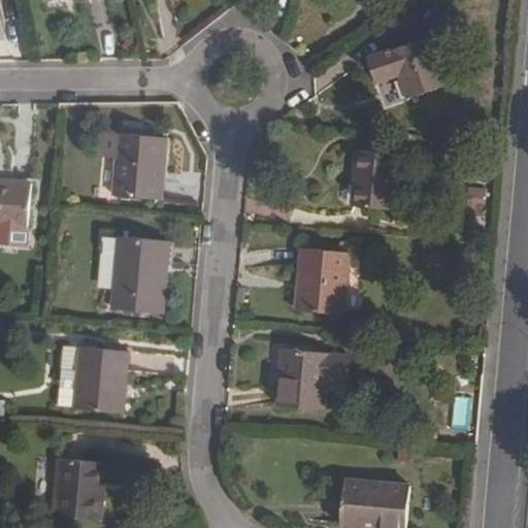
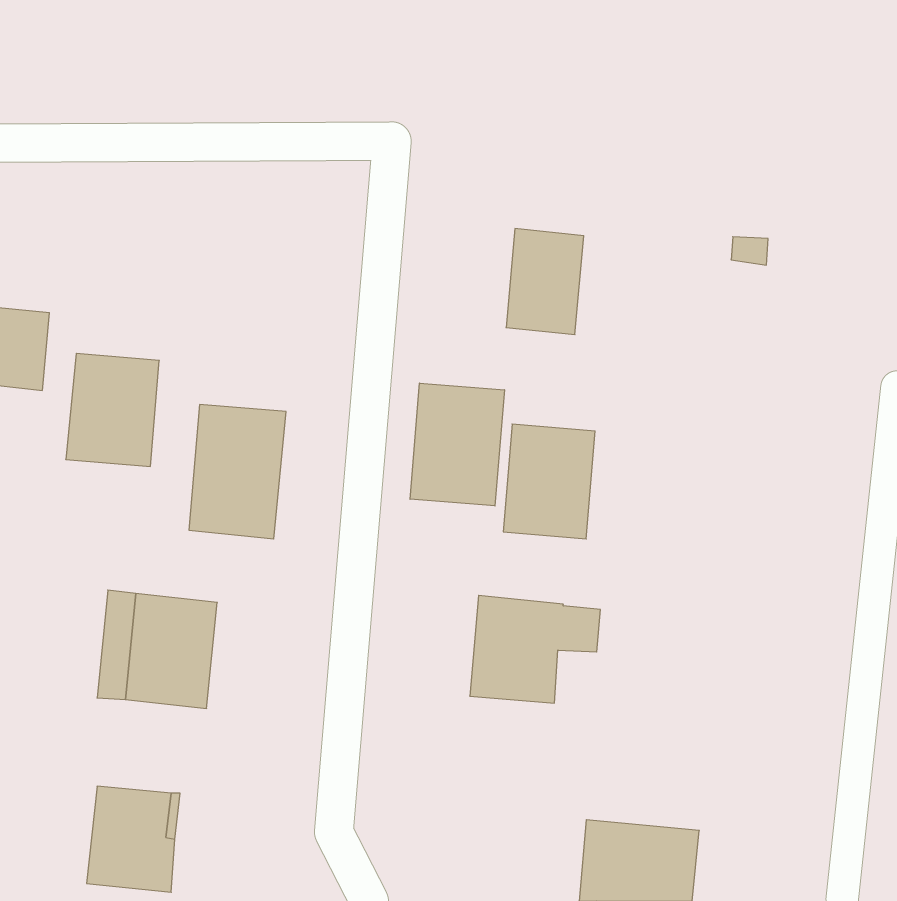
building: [365,36,446,99] -> none
building: [110,133,165,199] -> [66,353,159,466]
building: [350,148,395,210] -> [506,229,584,335]
building: none -> [410,383,504,506]

